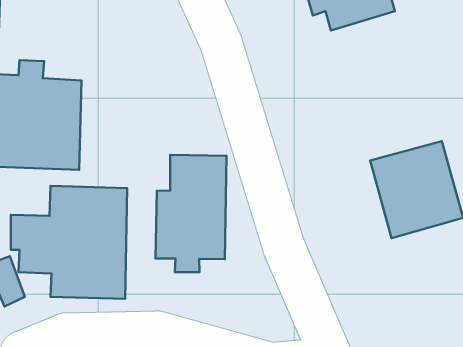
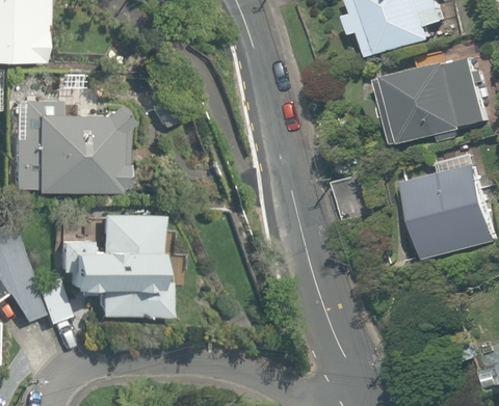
building: none -> [380,63,483,146]
building: [155,155,226,272] -> none

